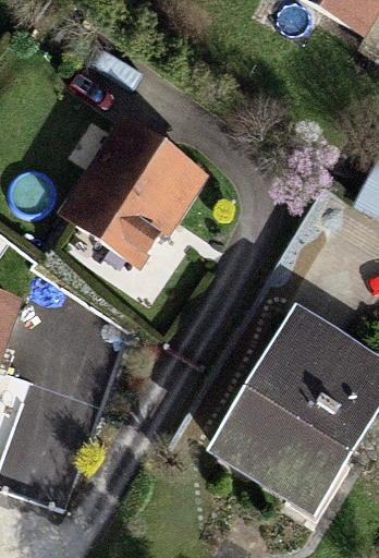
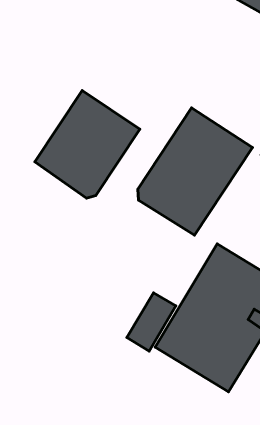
building: none -> [138,108,252,235]

